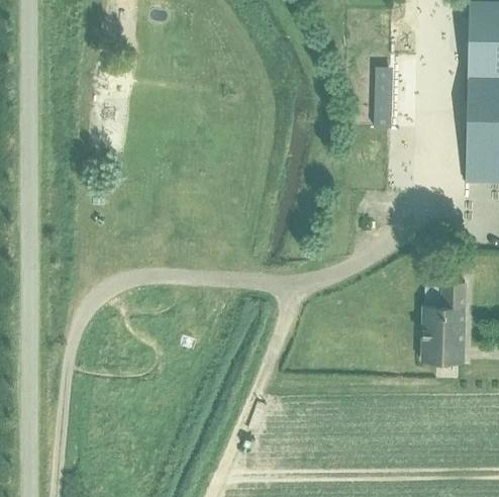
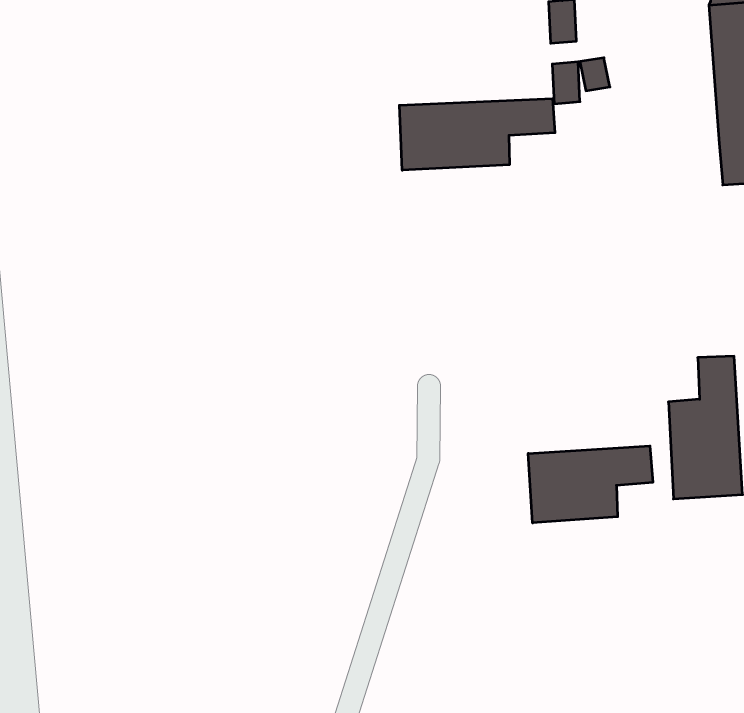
building: none -> [399,99,555,170]
building: none -> [528,446,653,523]

